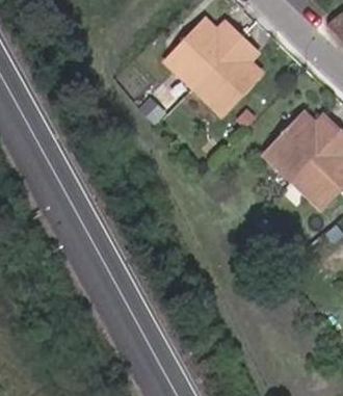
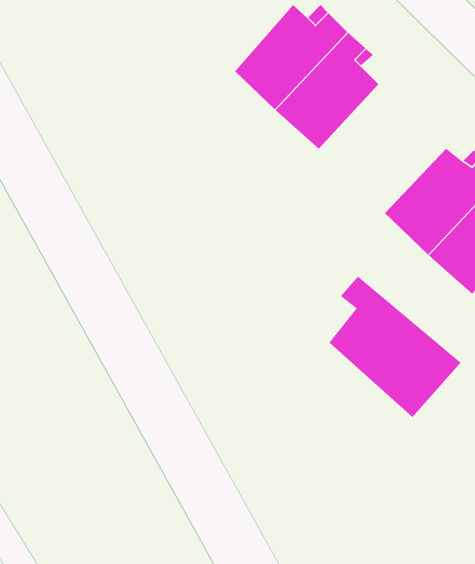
building: none -> [329,276,461,418]

